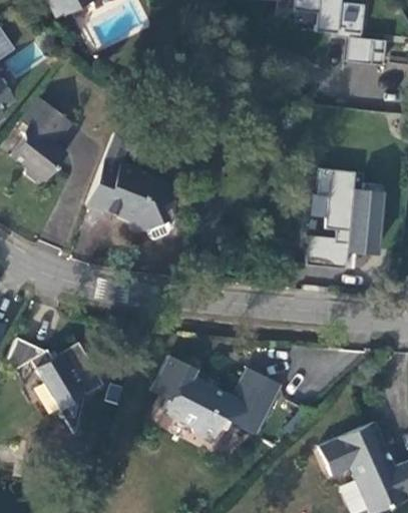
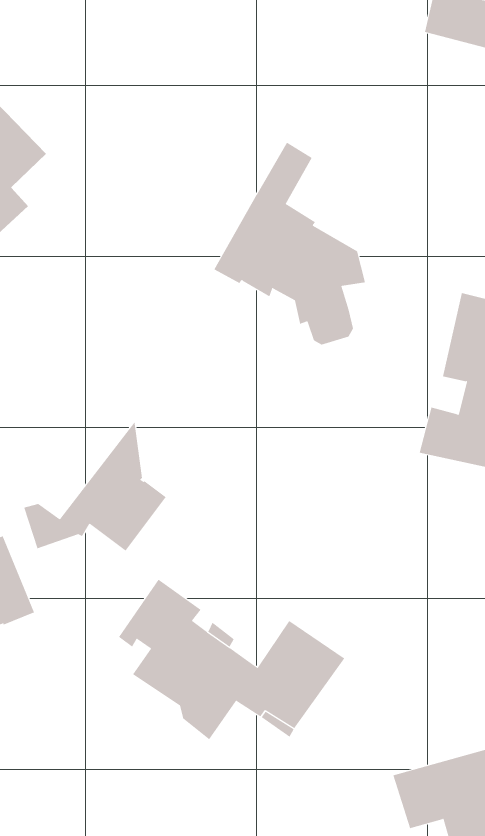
building: [85,126,172,238] -> [213,142,366,345]
building: none -> [23,421,167,552]

